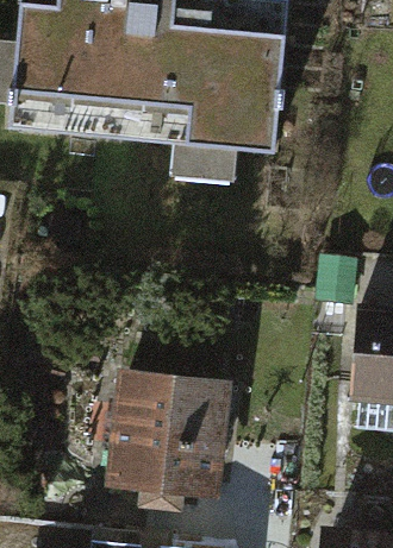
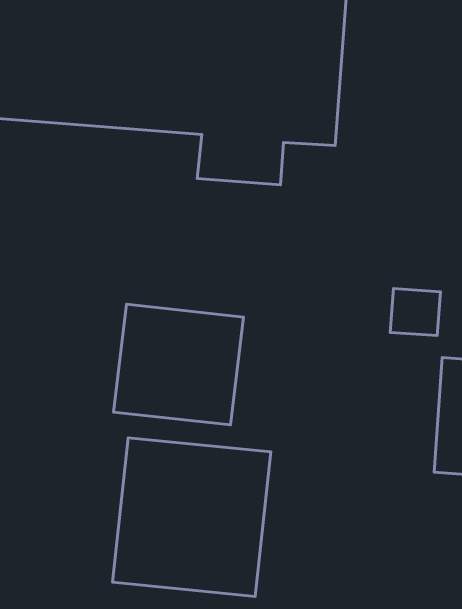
building: none -> [114,304,243,425]

